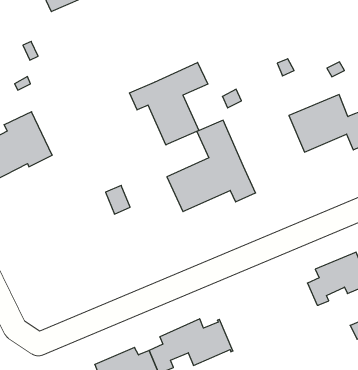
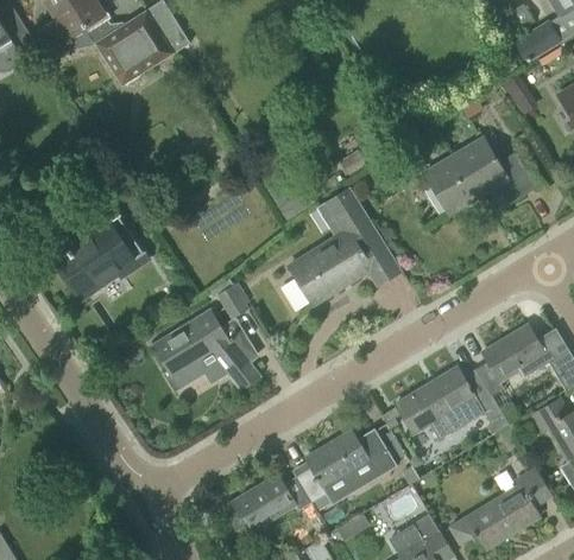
building: [130,62,208,145] -> none
building: none -> [151,308,259,390]
building: none -> [395,368,503,441]

